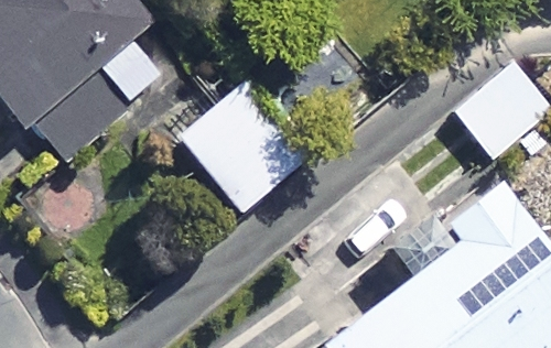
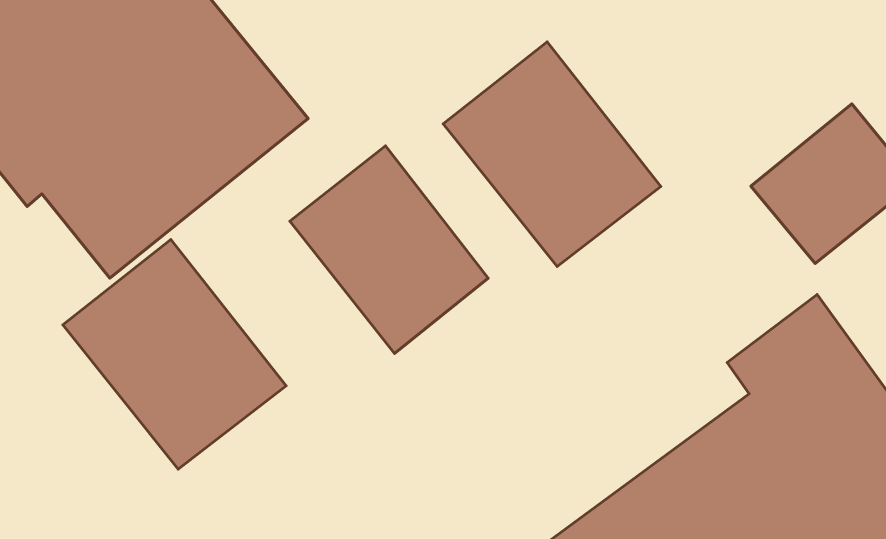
building: none -> [443,42,661,266]
building: none -> [63,239,286,469]

